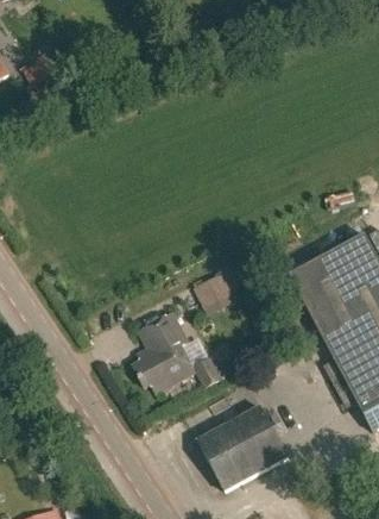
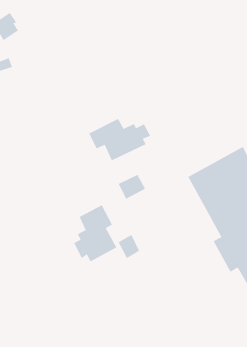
building: none -> [88,118,151,161]
building: [197,405,289,490] -> none

